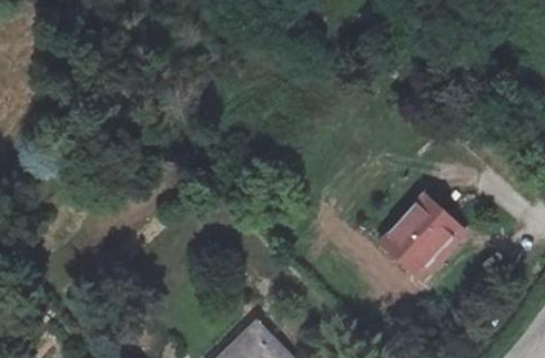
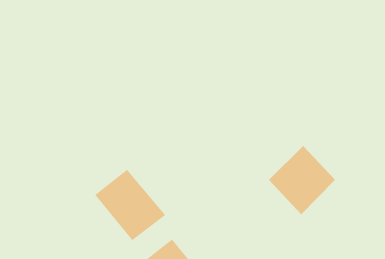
building: none -> [94,169,166,241]

